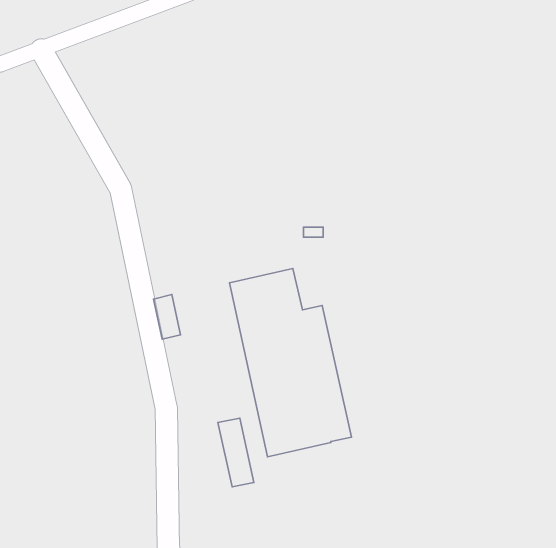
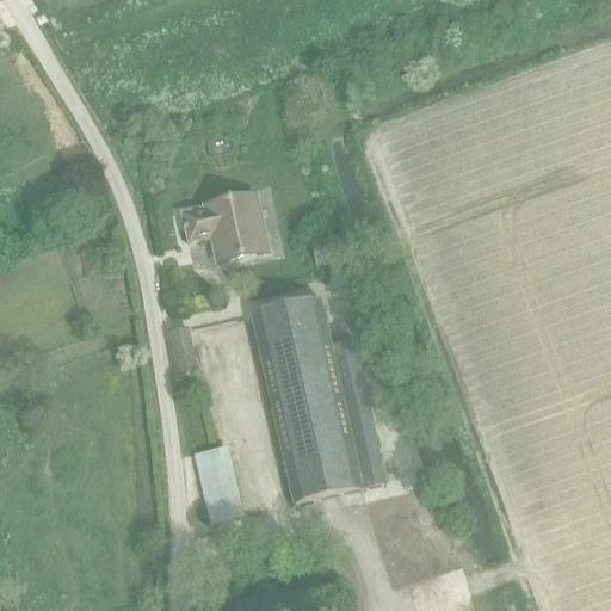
building: none -> [181,191,266,258]
building: [218,418,254,487] -> [195,444,234,519]

